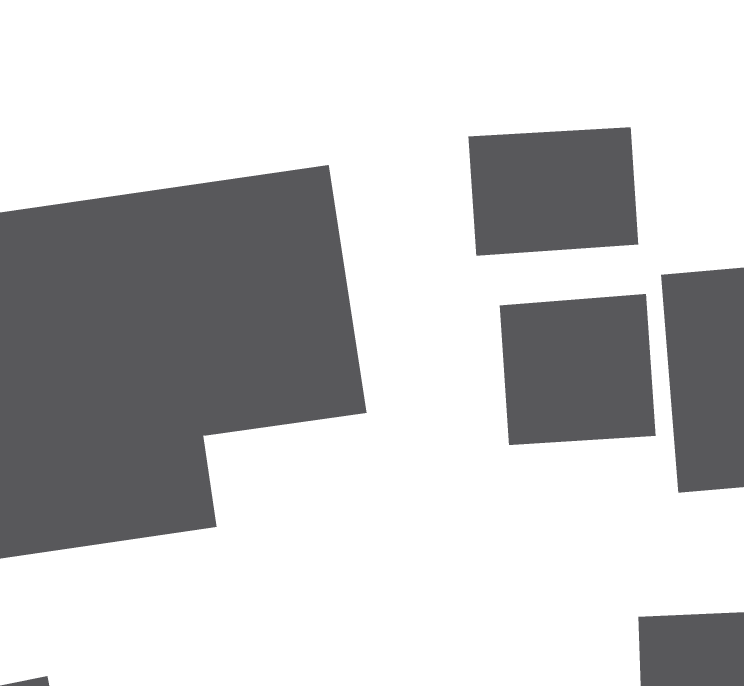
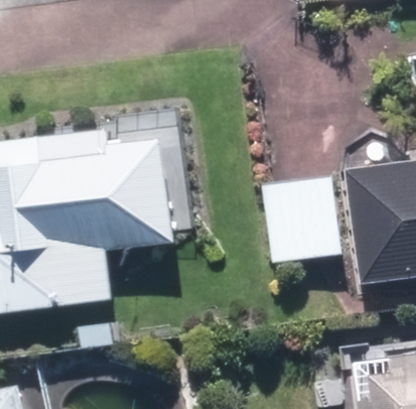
building: [468,126,639,256] -> none

